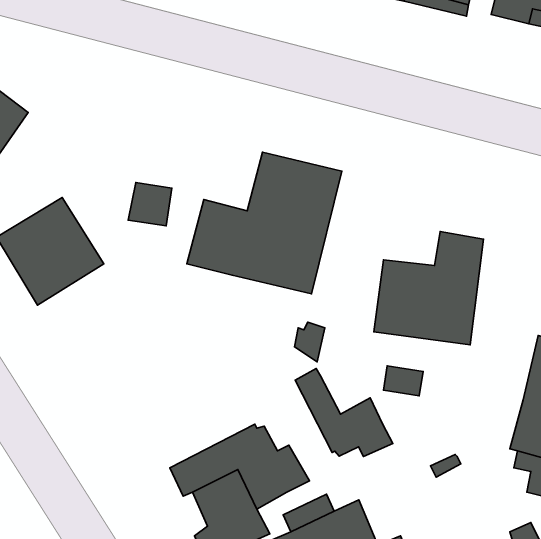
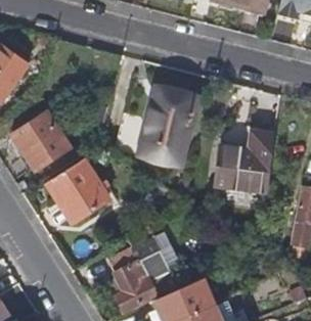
building: none -> [46,159,109,221]
building: [295,368,393,457] -> none

